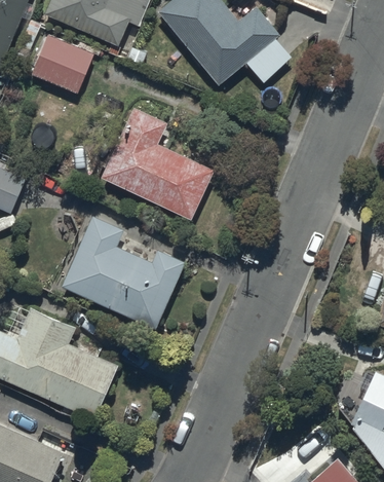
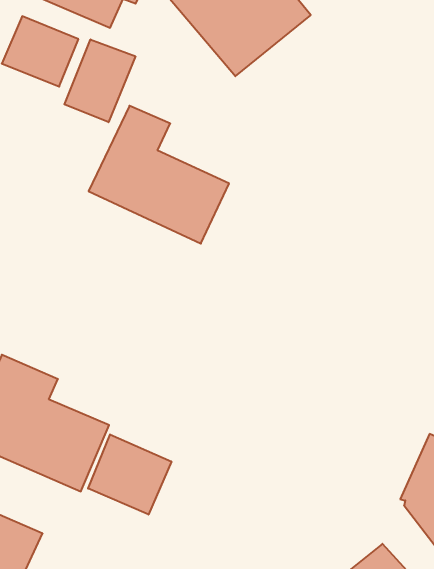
building: none -> [64,39,135,122]
building: [62,216,185,328] -> none
building: none -> [88,434,171,515]

